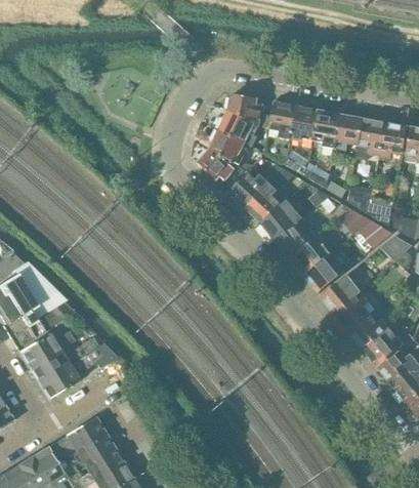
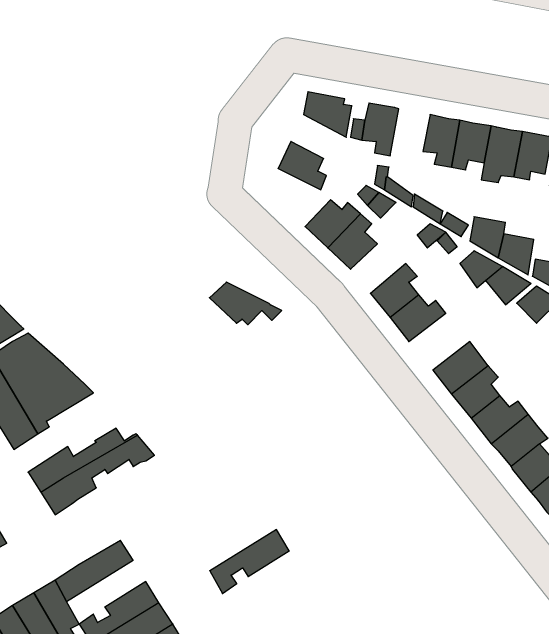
building: [290,106,319,141] -> none
building: [218,110,258,141] -> none
building: [197,149,249,179] -> [209,282,282,325]
building: [261,199,301,239] -> none
building: [303,253,344,291] -> none
building: [18,324,86,368] -> none
building: [56,432,114,478] -> [210,530,289,594]

